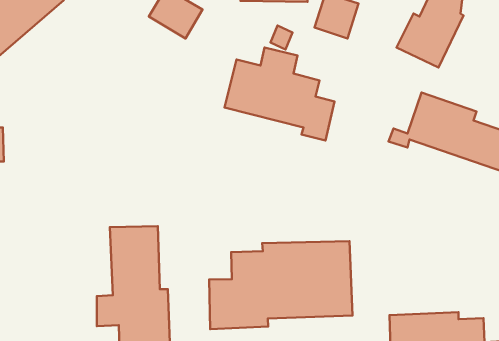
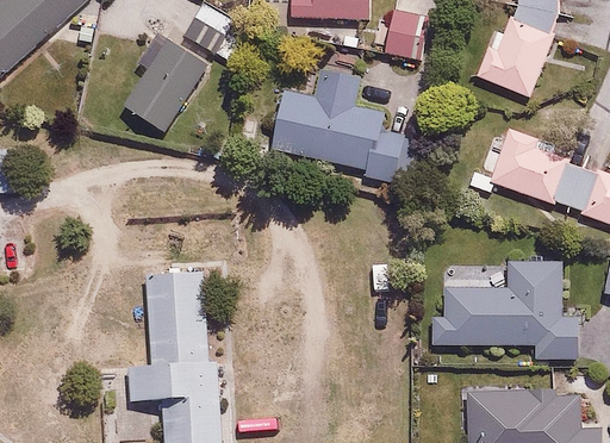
building: none -> [126,40,213,136]
building: none -> [434,256,585,357]
building: [209,241,352,329] -> none

